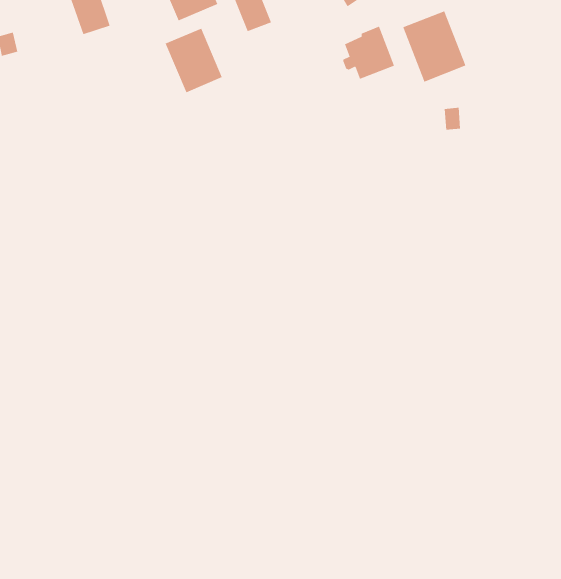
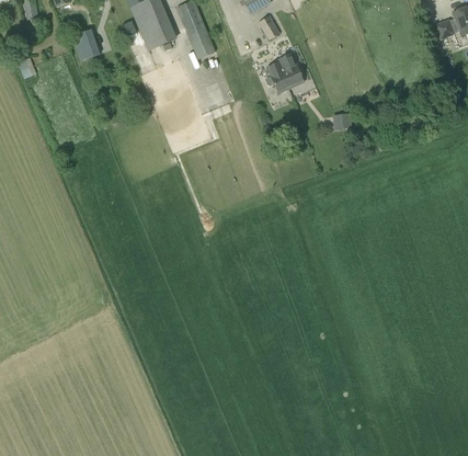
building: [403,10,466,82] -> none
building: [165,28,223,93] -> none

